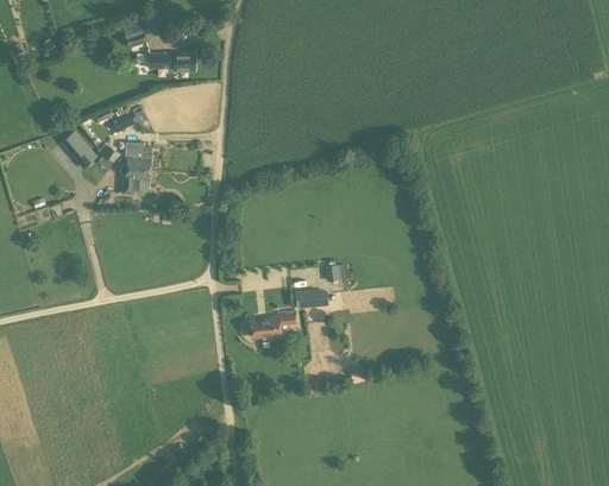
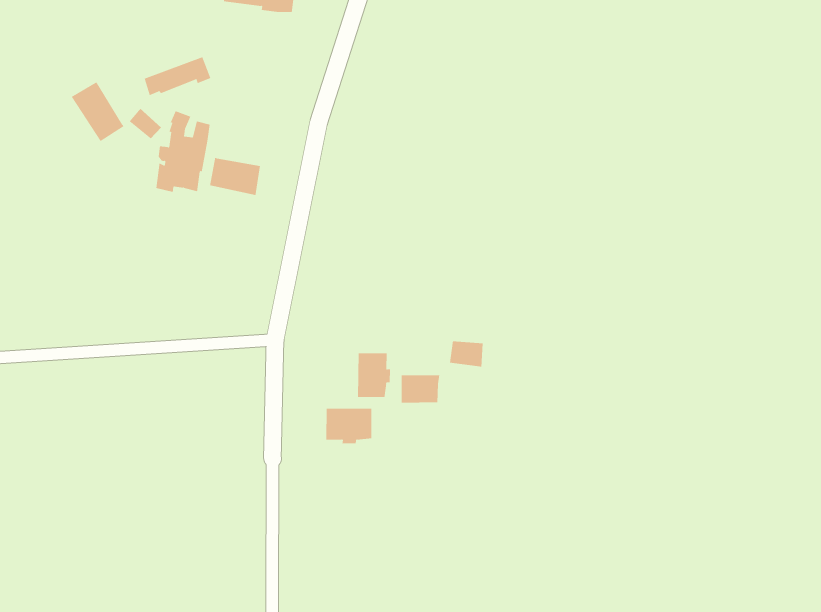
building: none -> [209,157,261,196]
building: none -> [358,353,390,398]

